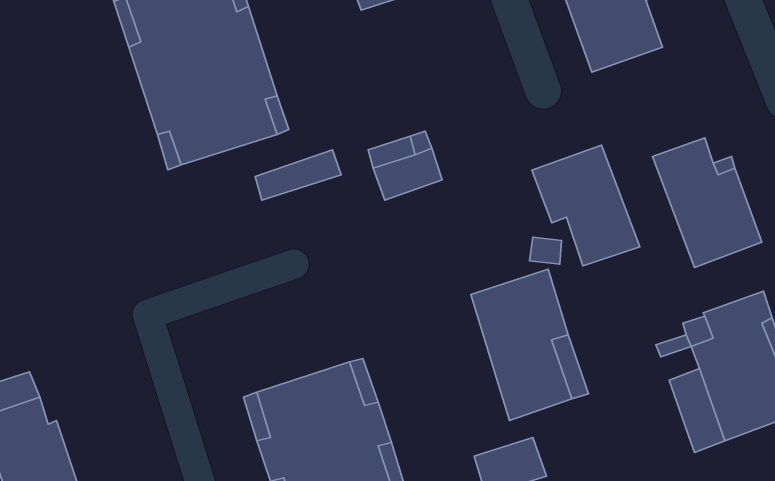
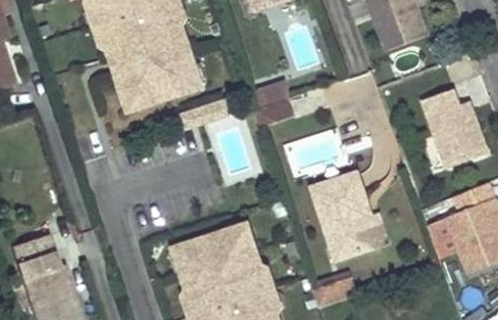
building: [532,145,640,266] -> none

